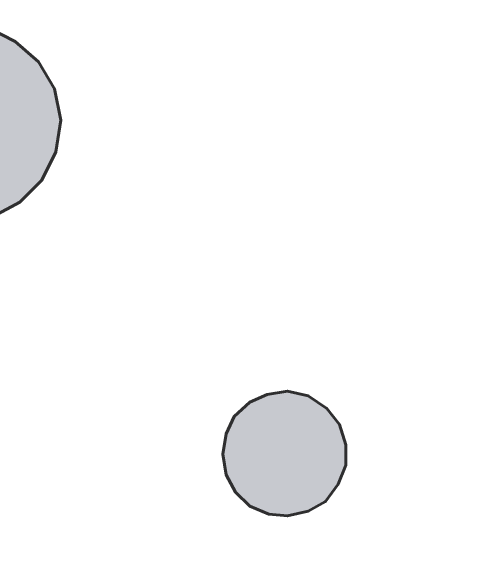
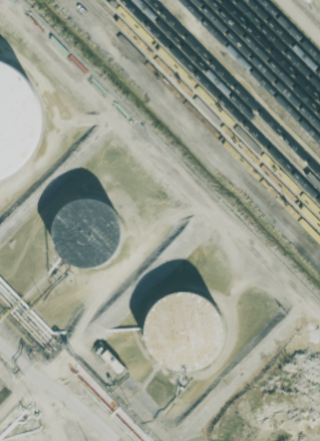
building: none -> [53,199,120,266]

